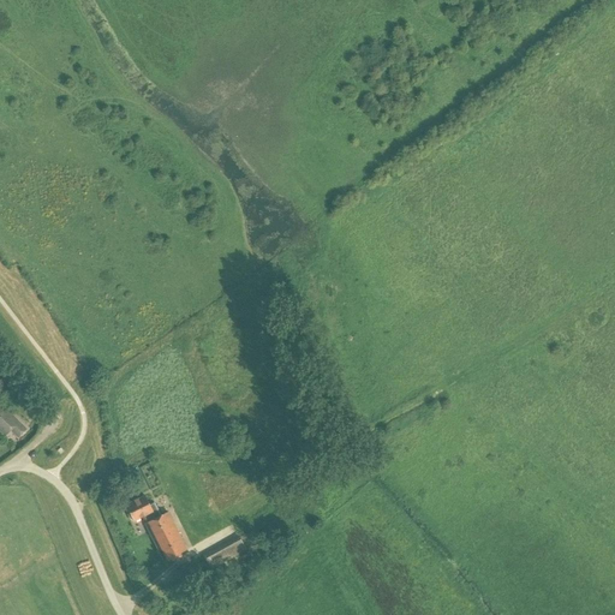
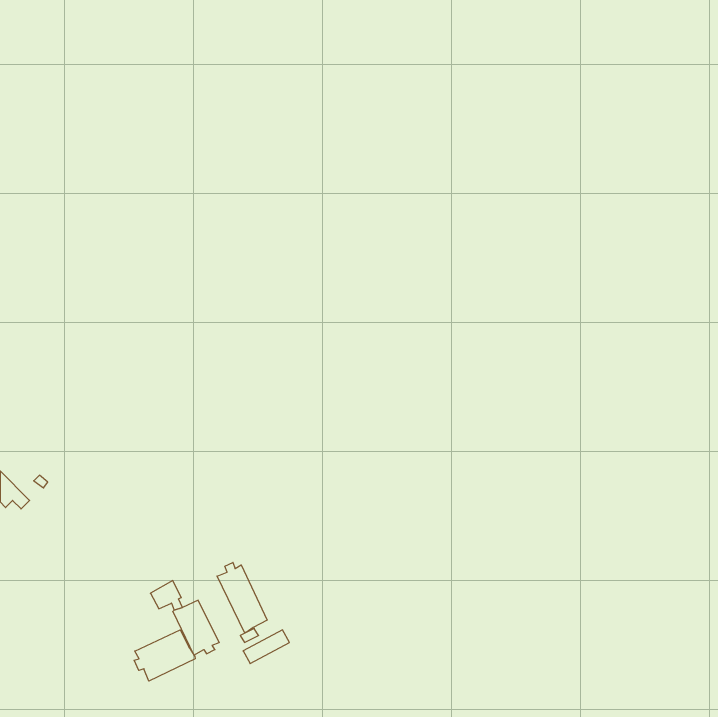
building: none -> [217,562,267,632]
building: none -> [134,630,195,681]

